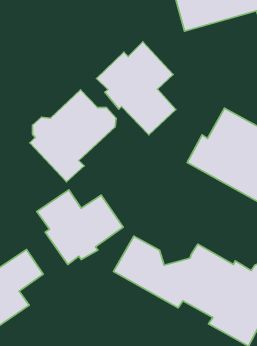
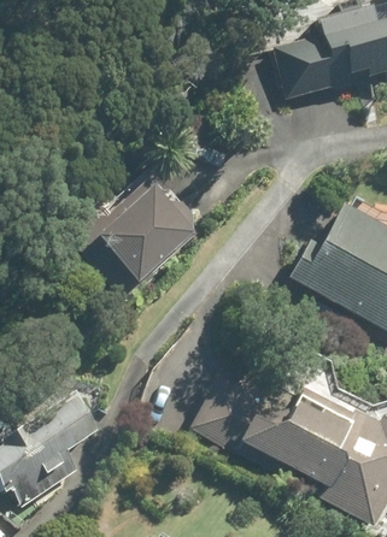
building: [96,42,176,135] -> none
building: [37,190,123,265] -> none

